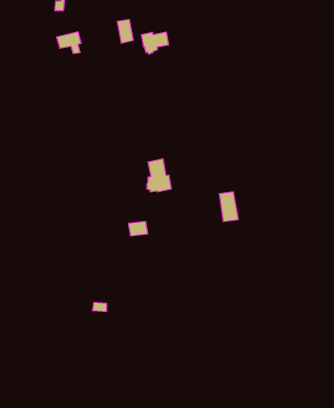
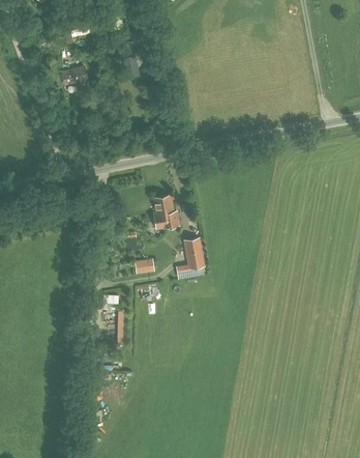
building: [142,32,169,54] -> none
building: [219,192,238,222] -> [184,238,204,268]

